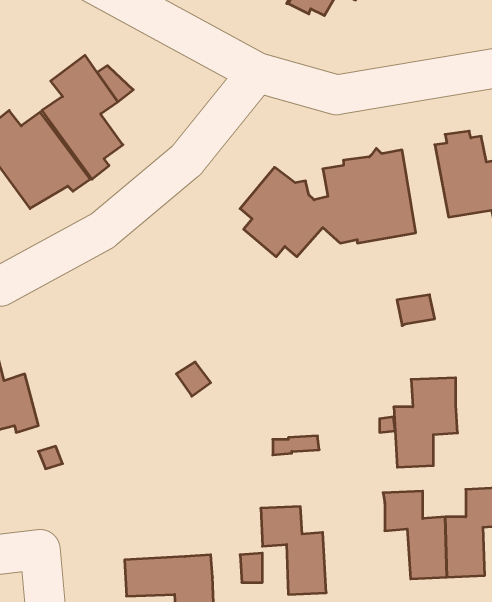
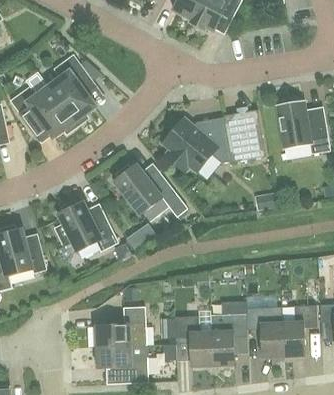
building: none -> [112,164,186,217]
building: none -> [54,200,117,252]
building: [394,378,458,467] -> [210,314,247,366]
building: none -> [94,307,145,347]

